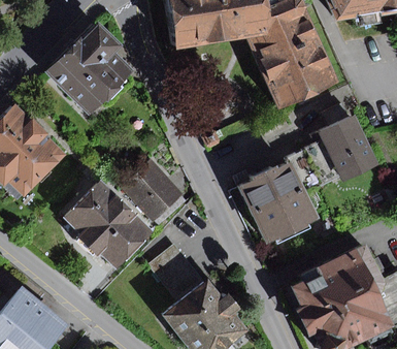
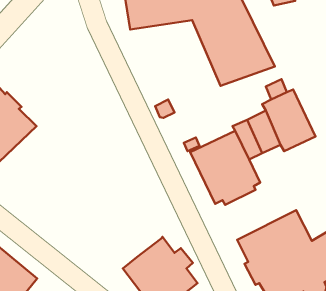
building: [46,22,135,118] -> none
building: [122,158,185,221] -> none
building: [69,182,154,268] -> none
building: [146,242,205,303] -> none

